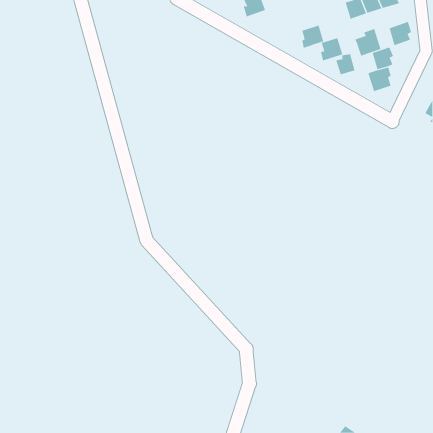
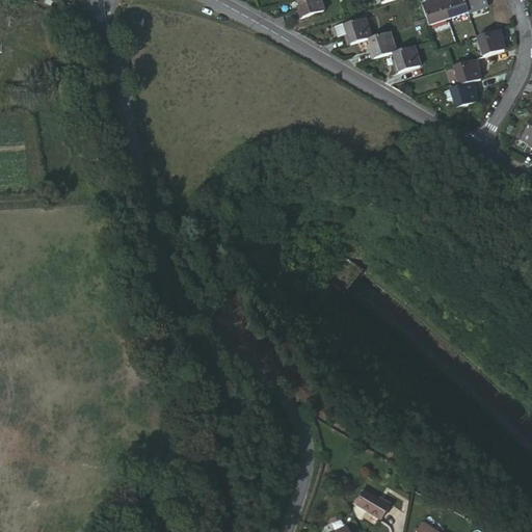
building: none -> [343,17,372,46]
building: [355,28,381,57] -> none
building: [336,54,355,75] -> none
building: none -> [353,487,390,516]

